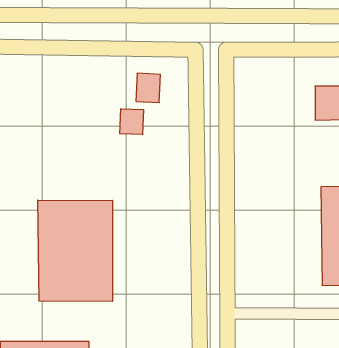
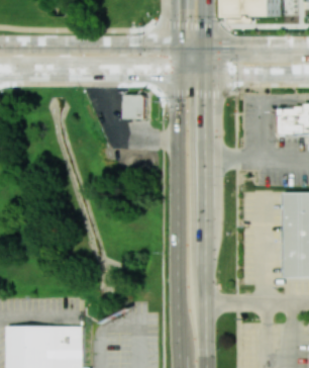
building: [120,109,144,135] -> none
building: [38,200,113,301] -> none

